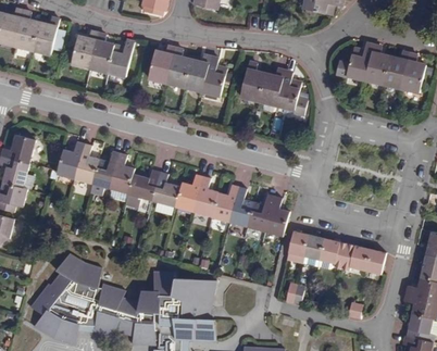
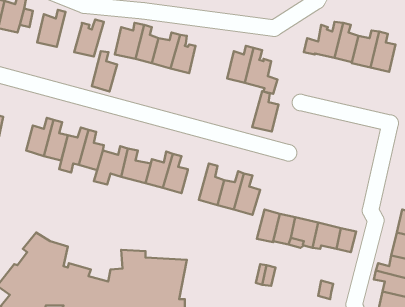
building: [88,34,113,74] -> [92,51,117,92]
building: [238,60,264,100] -> [252,91,278,132]
building: [212,183,239,221] -> none

